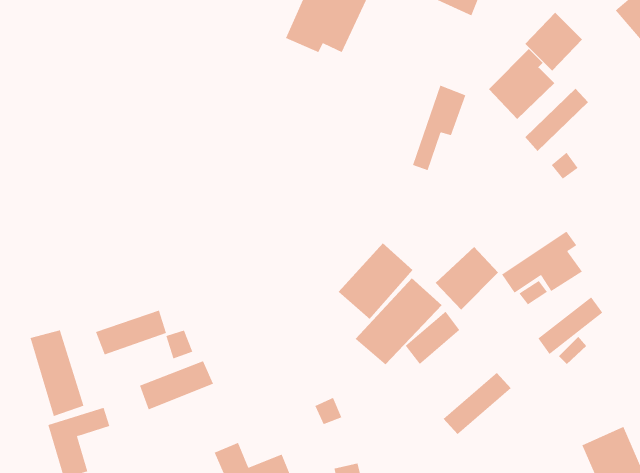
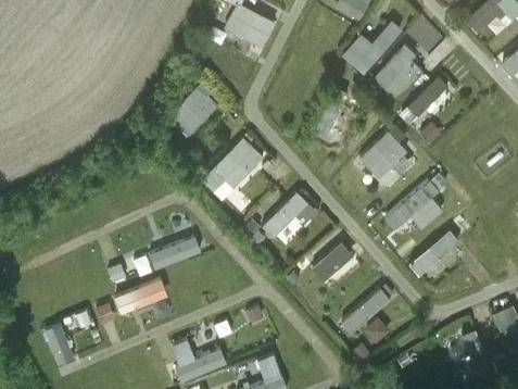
building: none -> [343,20,402,73]
building: none -> [168,84,220,137]
building: [435,246,499,310] -> [359,130,407,178]
building: [355,278,442,365] -> [201,136,266,201]
building: [95,310,167,355] -> [149,236,202,269]
building: [30,330,84,417] -> none

